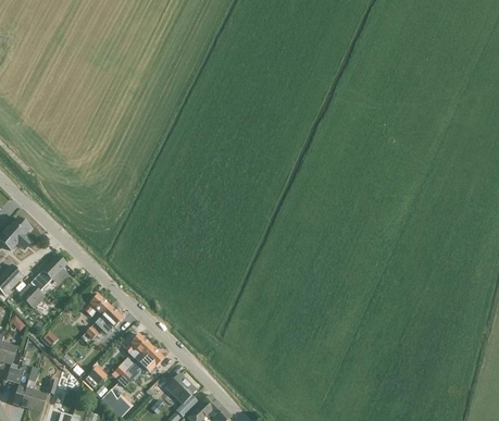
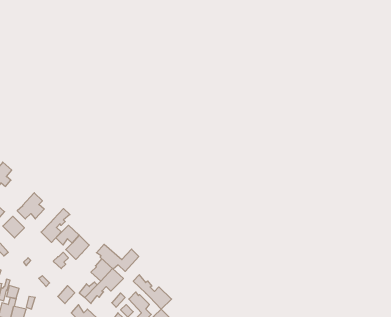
building: none -> [41,209,70,242]
building: none -> [96,244,139,271]
building: none -> [133,275,172,309]

